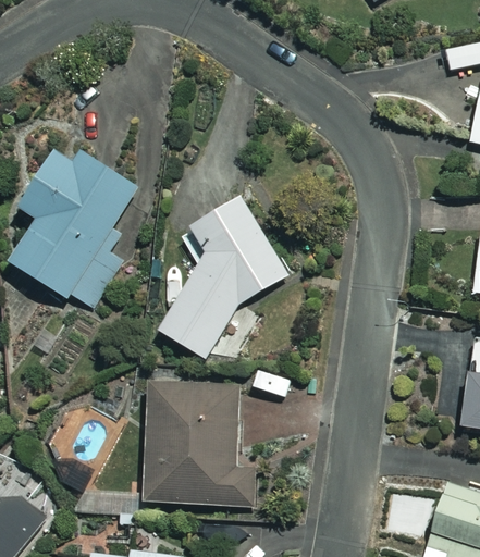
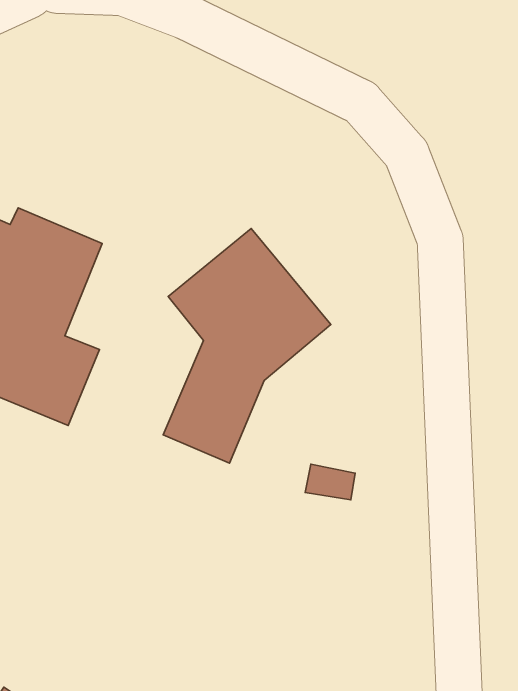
building: [145,380,257,506] -> none

